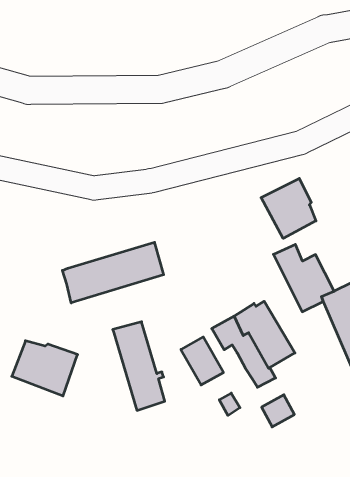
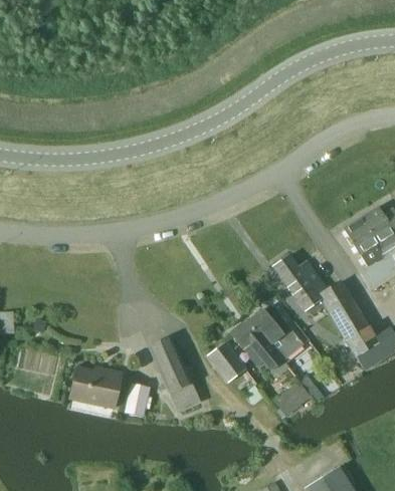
building: [261,178,316,238] -> none
building: [62,242,164,303] -> none
building: none -> [126,384,149,416]

